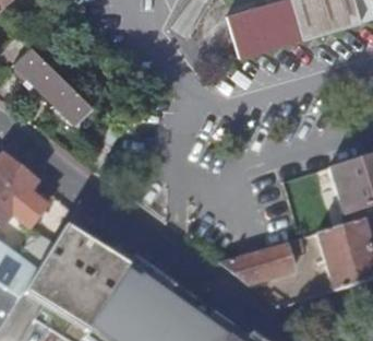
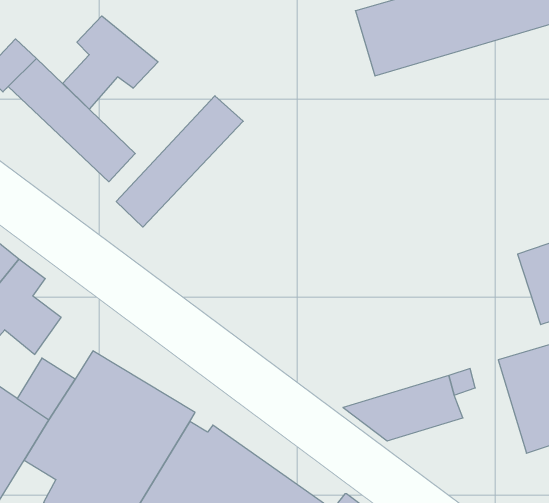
building: none -> [63,16,158,109]
building: none -> [116,96,243,227]

